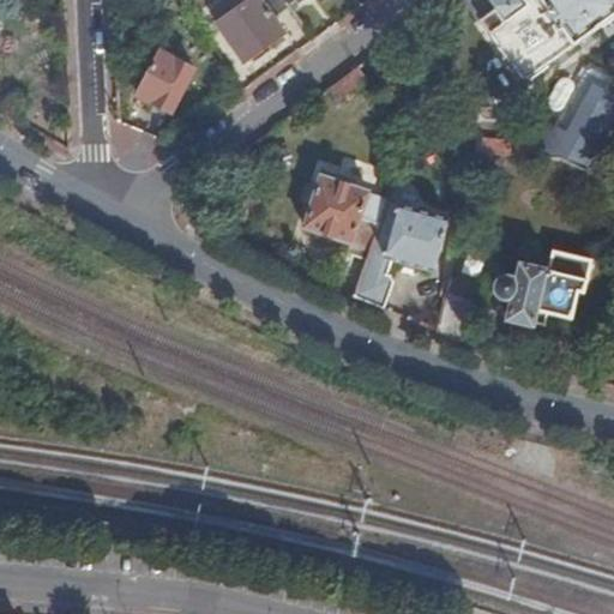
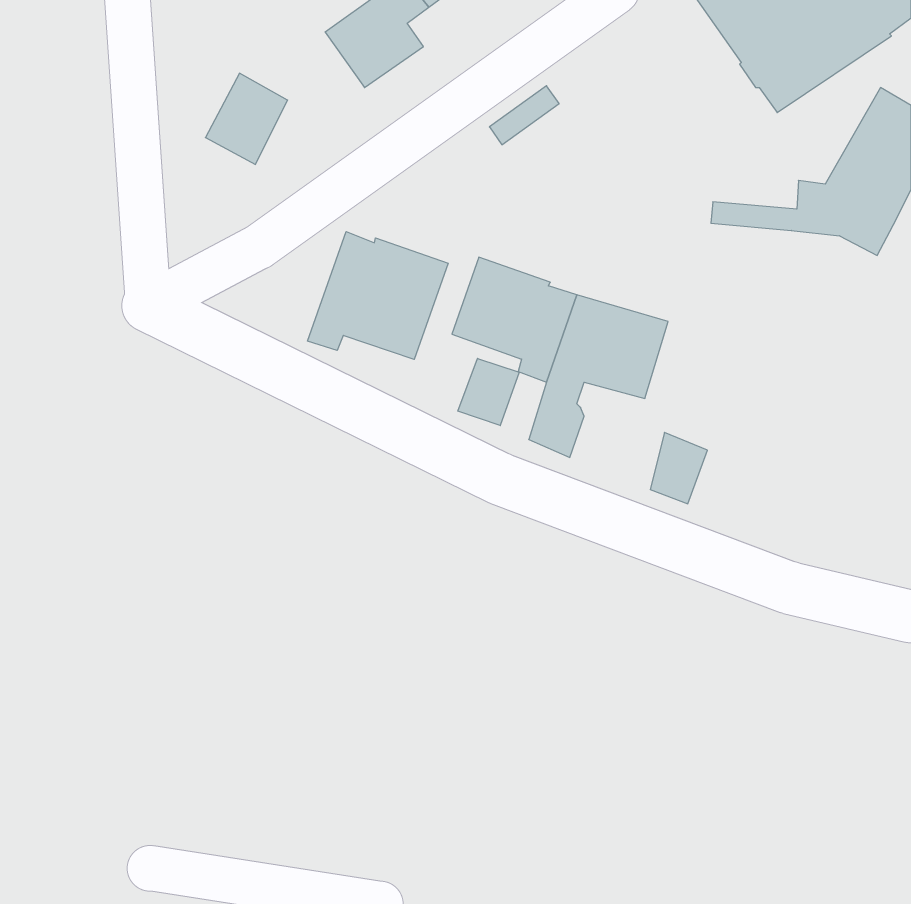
building: none -> [308,232,448,359]
building: none -> [458,358,519,426]
building: [498,248,592,323] -> none

